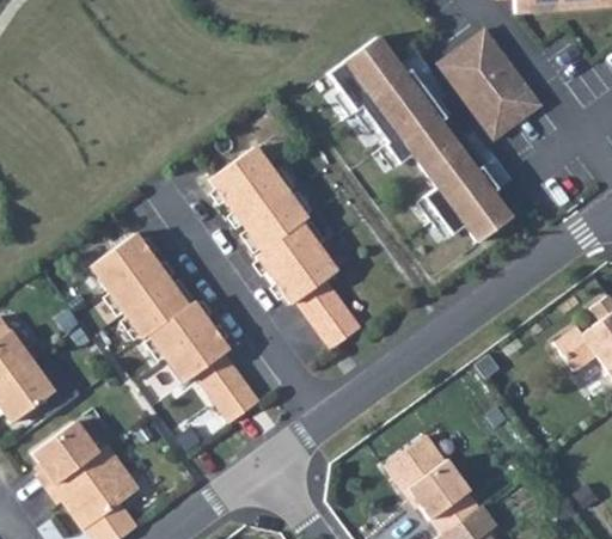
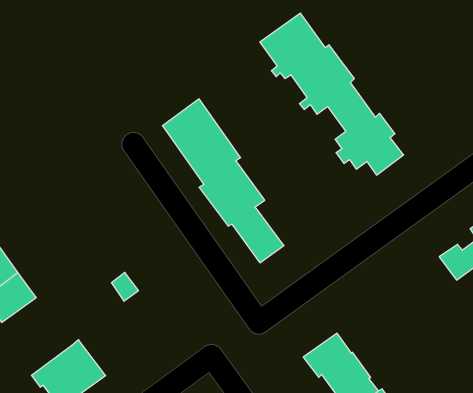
building: [442,30,541,142] -> none
building: [91,233,259,422] -> none
building: [32,419,98,488] -> none

